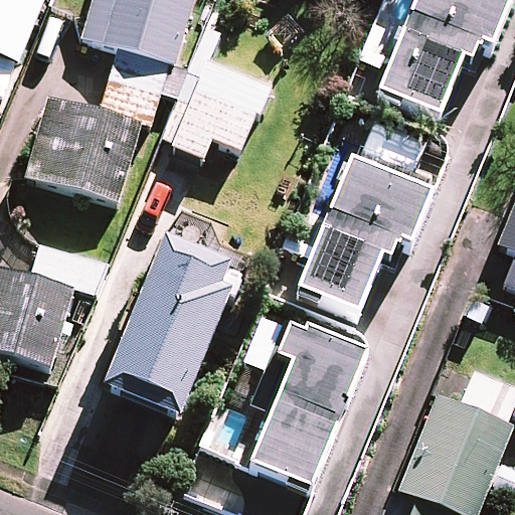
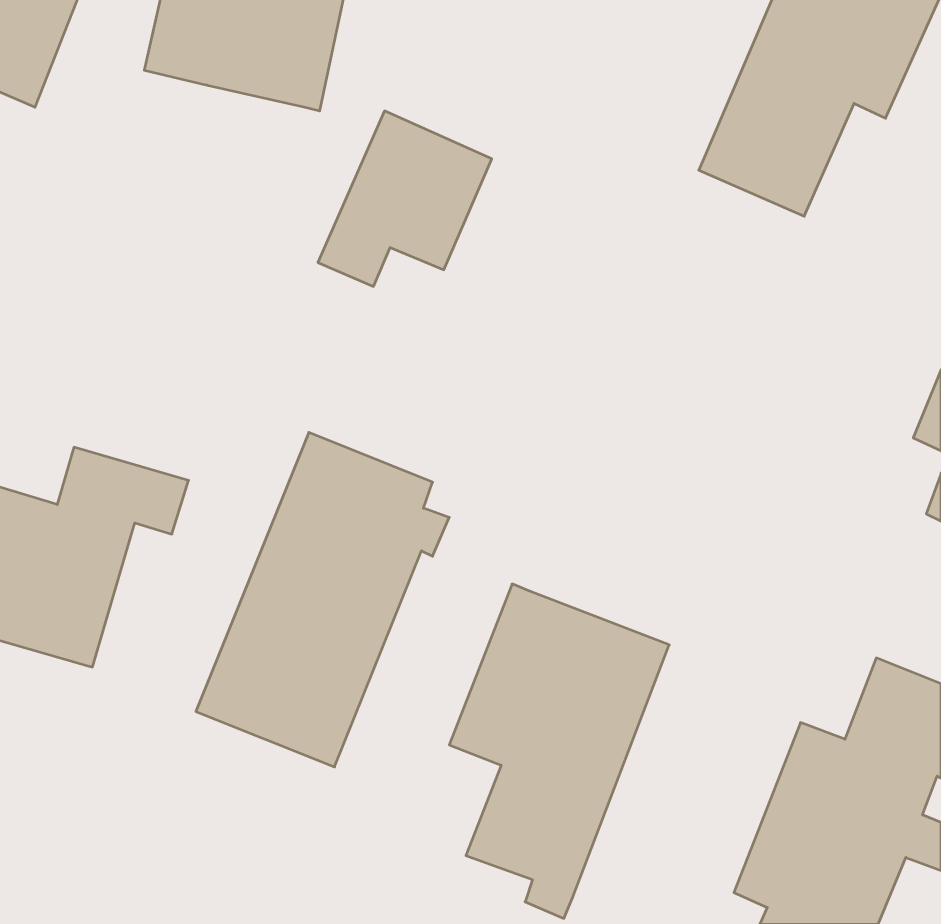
building: [23,46,166,198] -> none
building: [300,162,431,314] -> none

